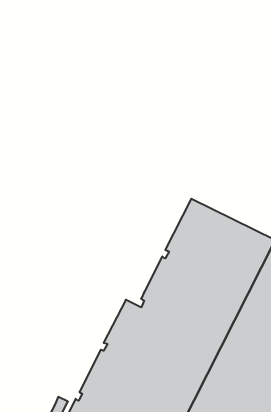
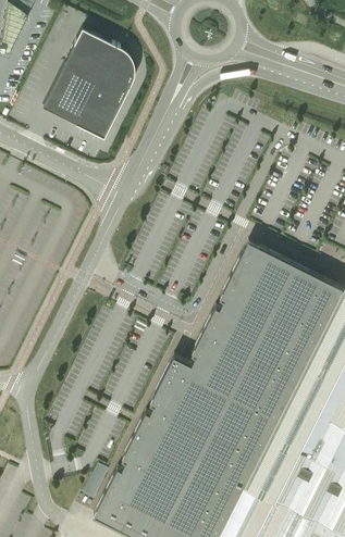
building: none -> [42,30,134,139]

